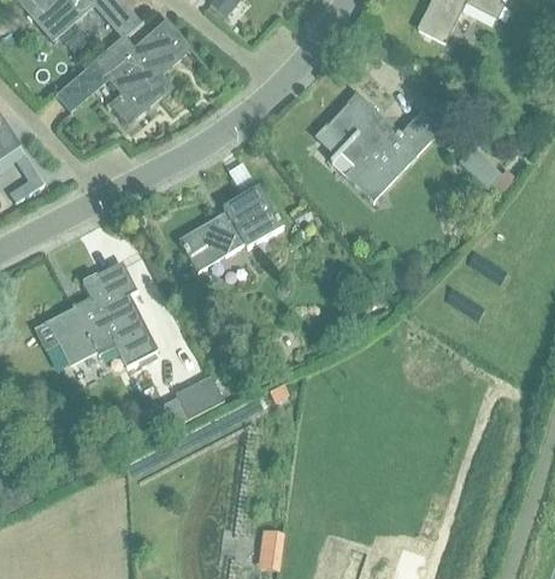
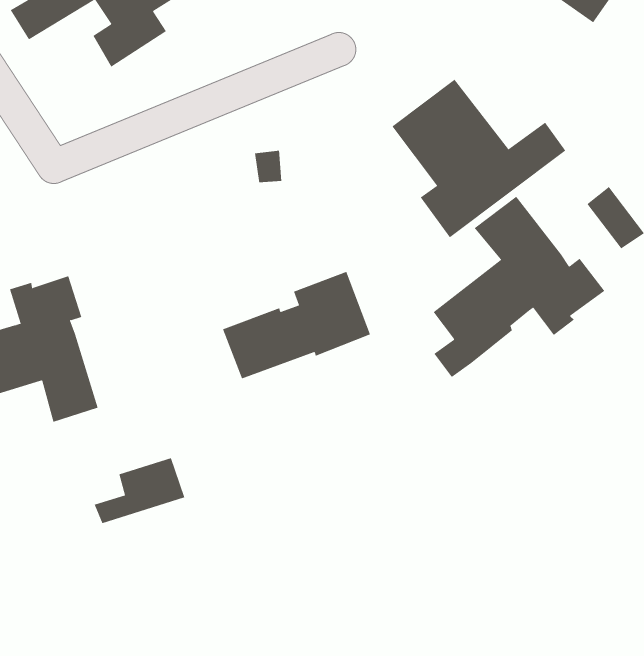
building: none -> [433,196,605,378]
building: [181,187,281,270] -> [222,271,371,379]

